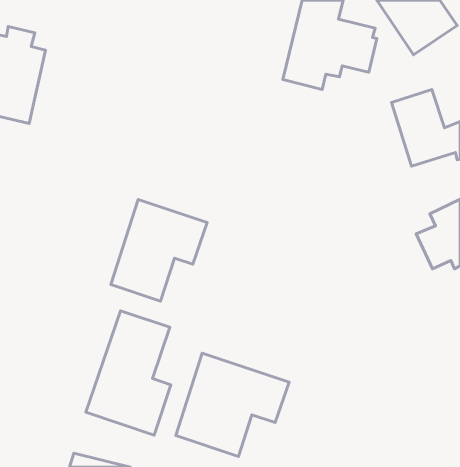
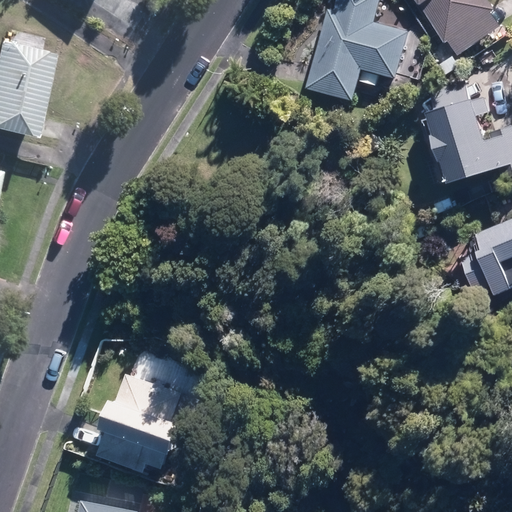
building: [111,199,207,301] -> none
building: [176,353,289,456] -> none

